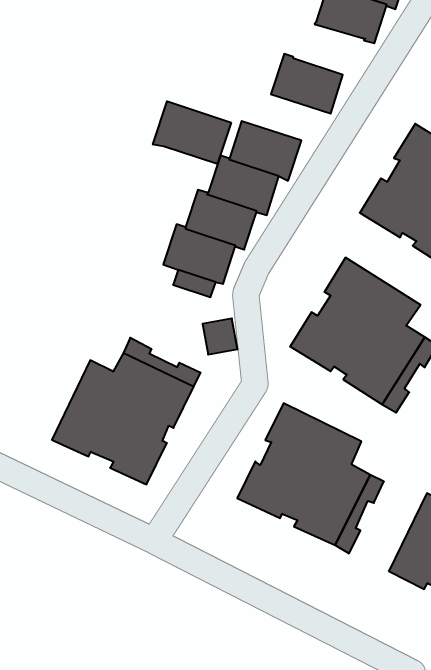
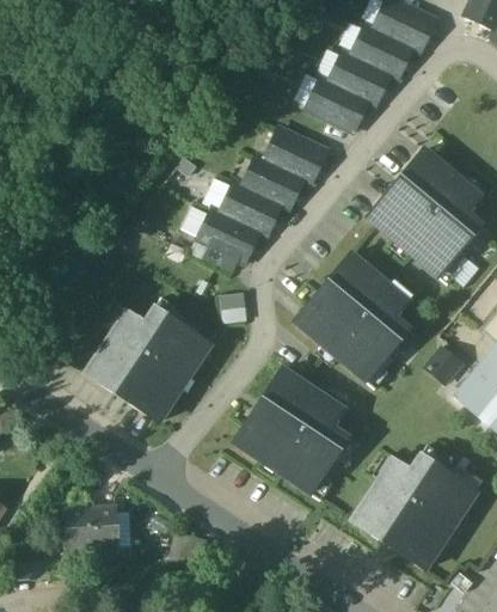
building: none -> [329,50,391,104]
building: [153,101,231,164] -> none
building: none -> [65,507,115,559]

